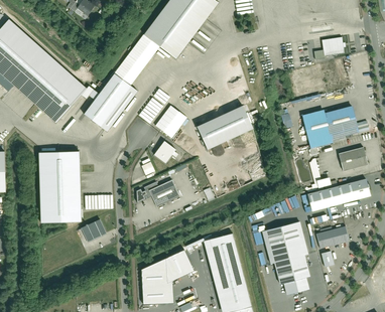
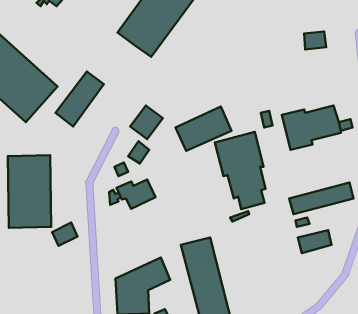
building: [114,36,159,86] -> none
building: [338,145,367,169] -> none
building: [260,219,308,293] -> [215,132,266,209]

